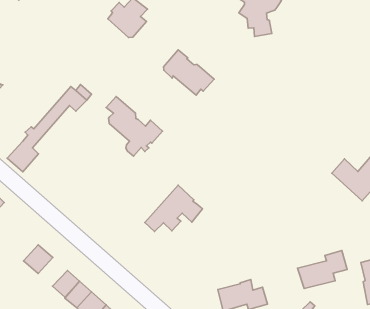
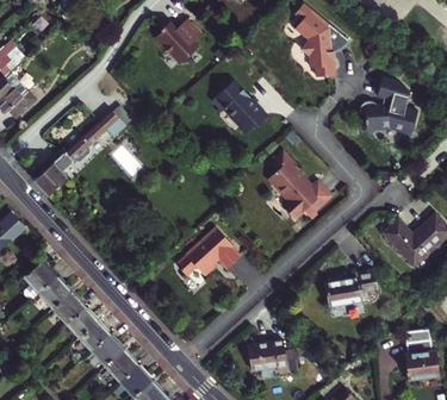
building: none -> [359,77,418,133]
building: [106,96,163,156] -> [271,154,329,220]
building: none -> [25,261,57,299]
building: [298,250,347,288] -> [324,269,378,306]
building: none -> [54,293,86,324]

